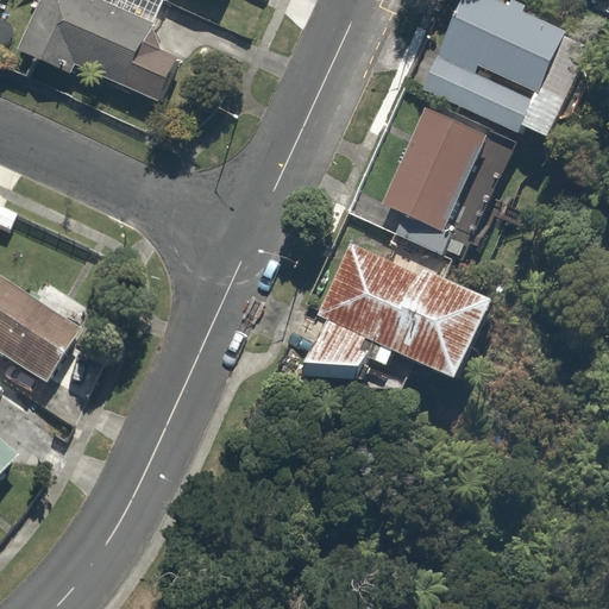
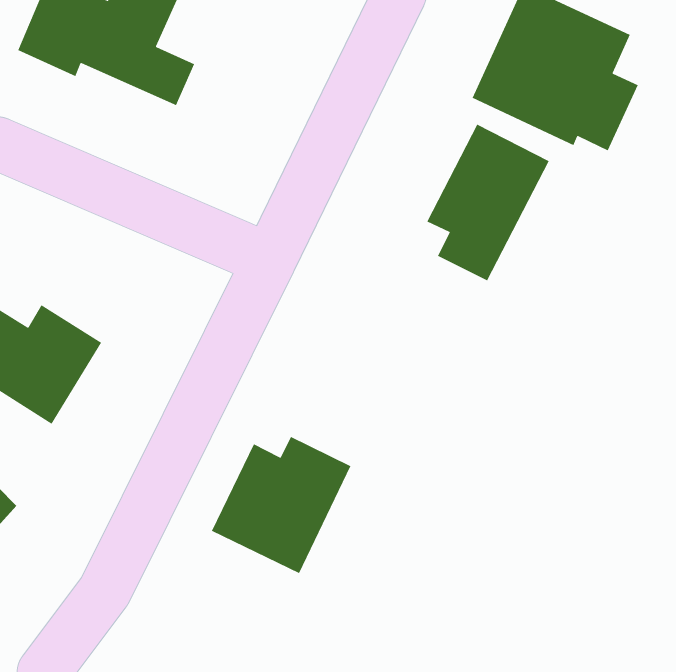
building: [302,238,495,381] -> none
building: none -> [211,436,351,574]

